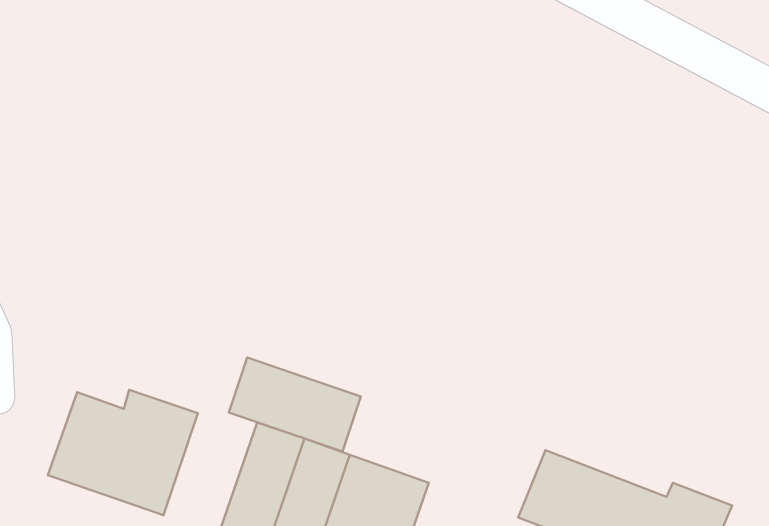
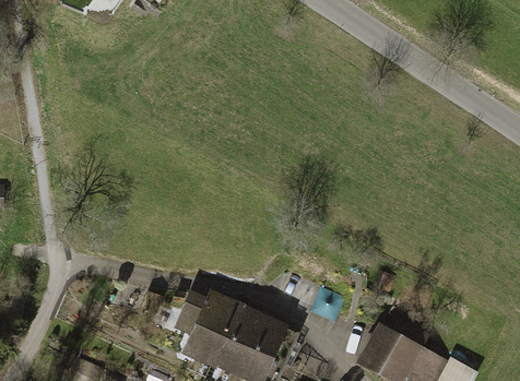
building: [229,357,361,452] -> none
building: [48,390,198,515] -> none

